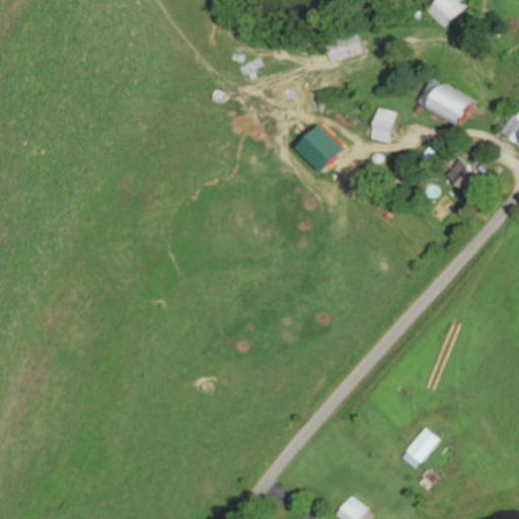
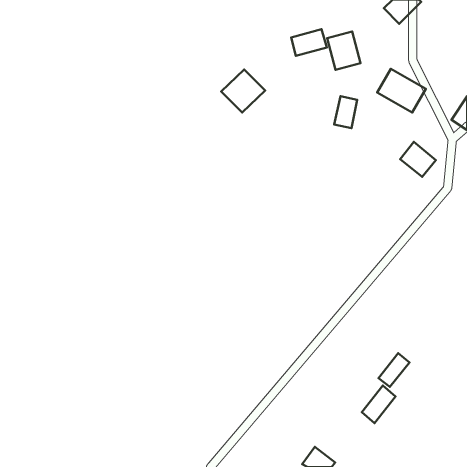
building: none -> [327,32,360,70]
building: [297,124,346,171] -> [221,69,265,112]
building: none -> [379,353,410,387]

